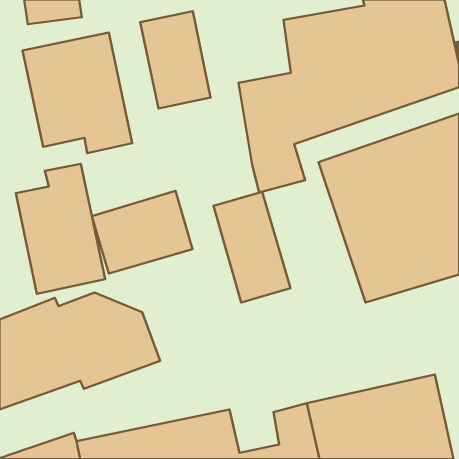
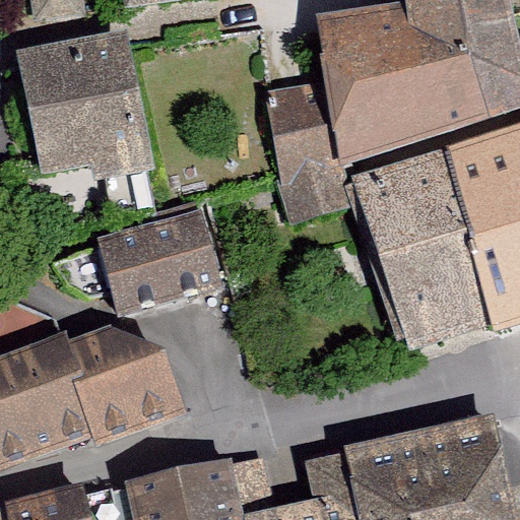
building: [140,11,211,108] -> none
building: [16,164,105,294] -> none
building: [213,192,290,303] -> none

